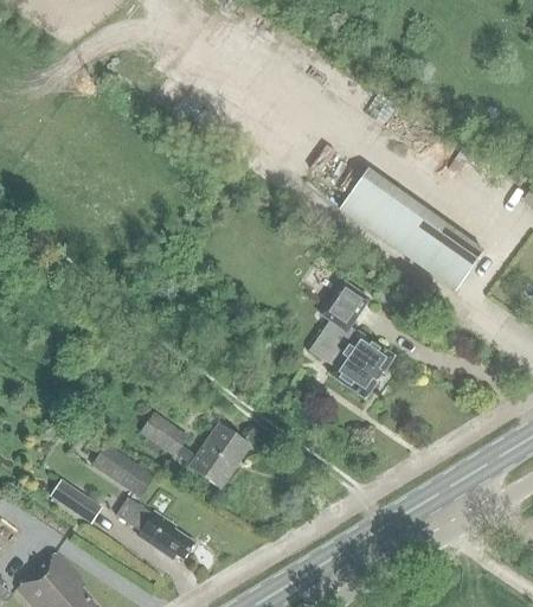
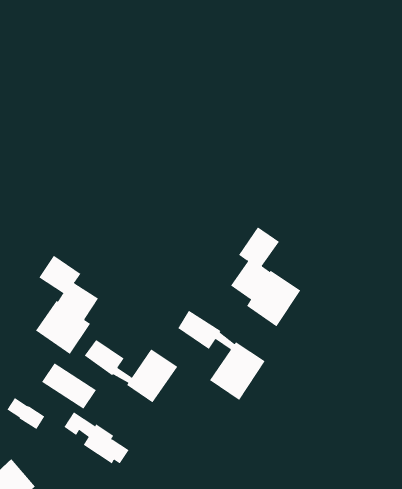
building: [335,167,484,288] -> none
building: none -> [35,255,99,355]
building: none -> [177,310,266,401]

